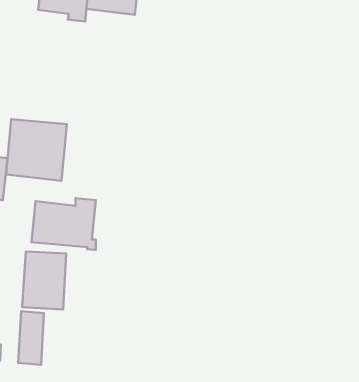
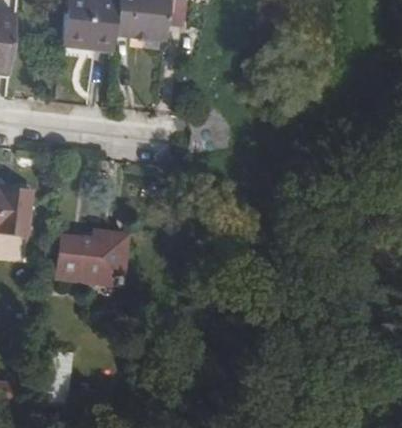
building: [6,119,67,181] -> none
building: [22,252,66,309] -> none

